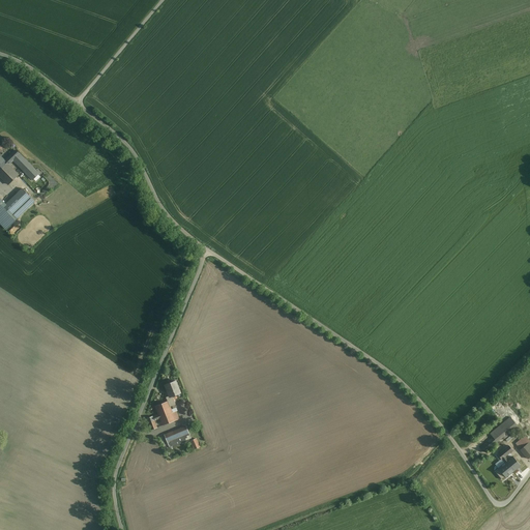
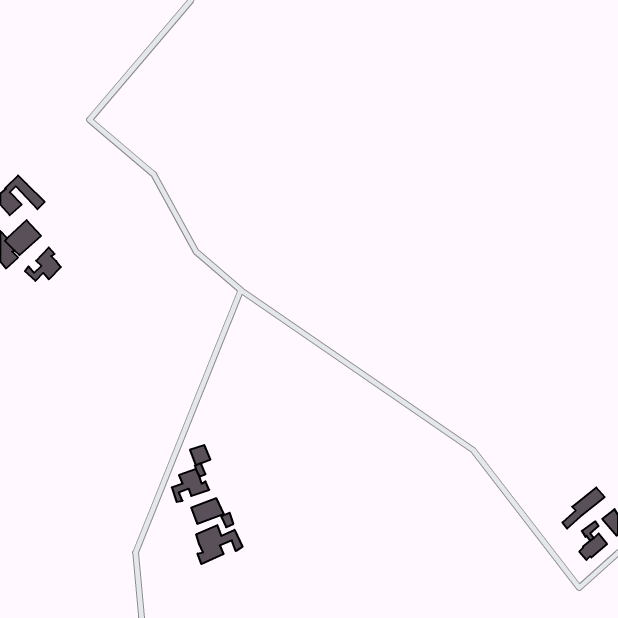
building: none -> [25,247,61,281]
building: none -> [196,525,242,564]

